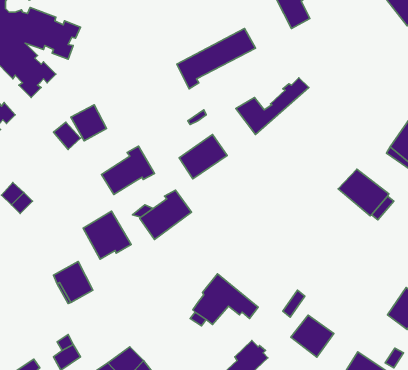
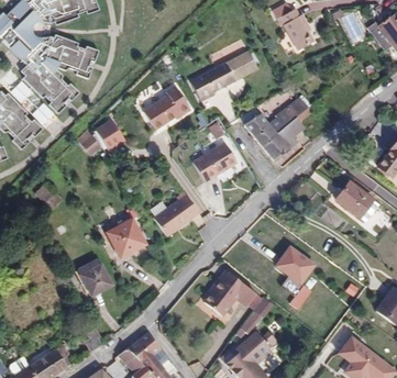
building: none -> [258,103,311,166]
building: [101,146,154,194] -> [143,82,190,125]
building: [291,315,334,357] -> [274,244,312,281]

